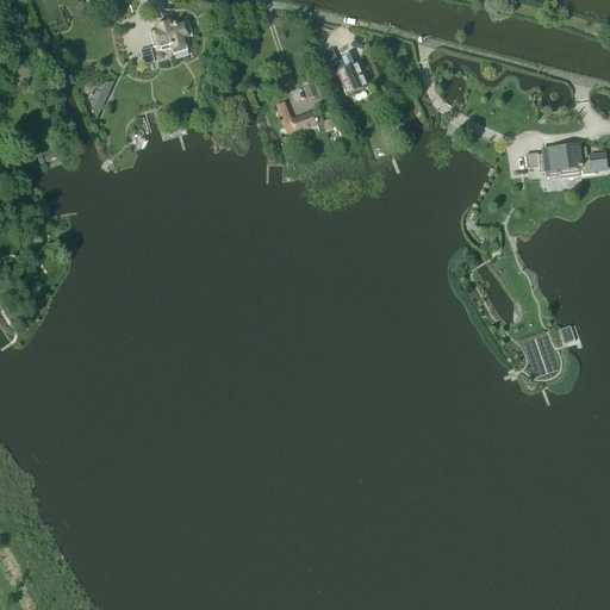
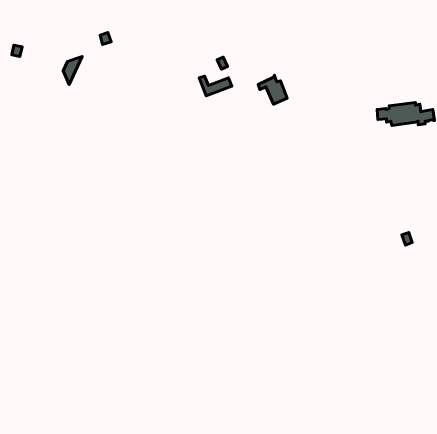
building: [149,19,193,51] -> none
building: [326,52,367,93] -> [258,75,287,104]

